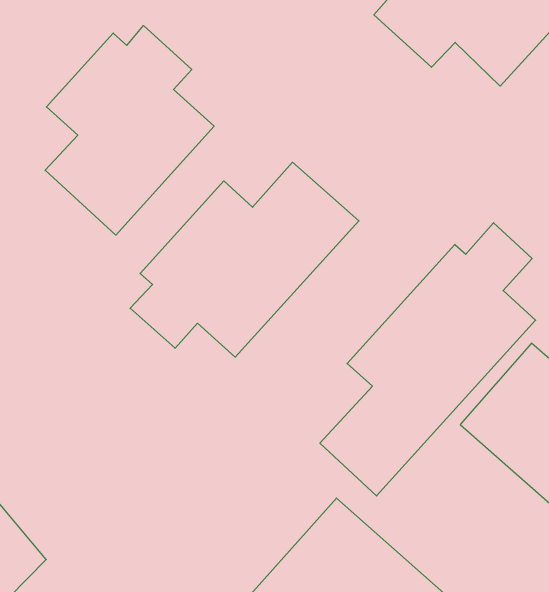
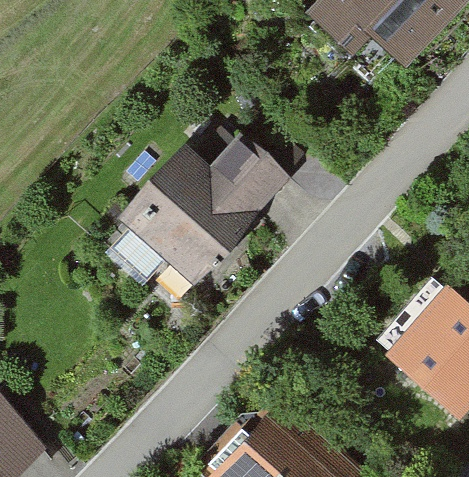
building: [45,26,214,235] -> none
building: [320,223,536,496] -> none

